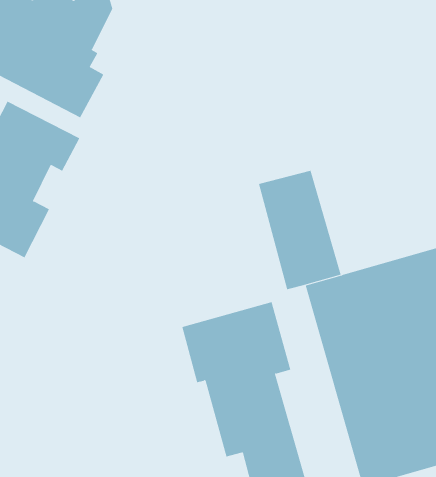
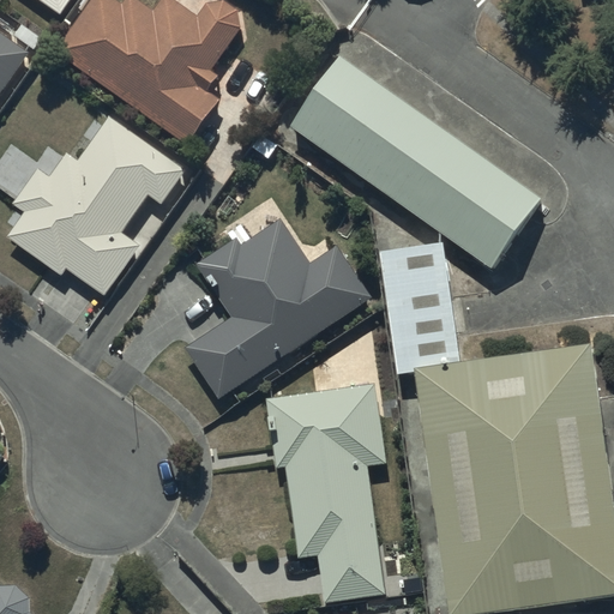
building: none -> [290,56,538,267]
building: none -> [187,221,372,397]

